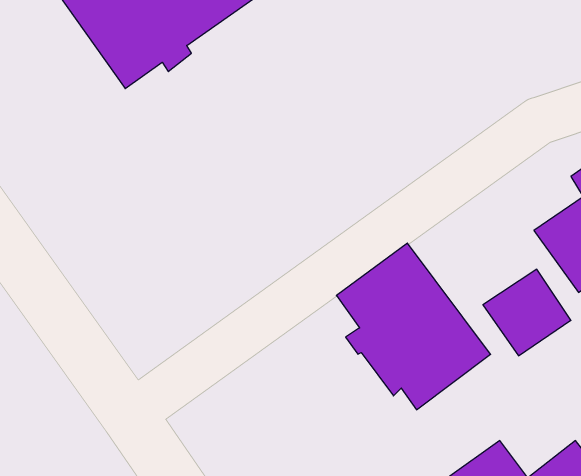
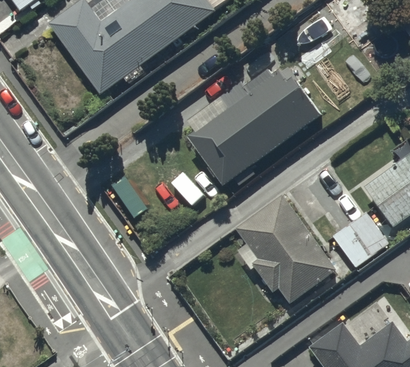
building: none -> [187,68,319,183]

